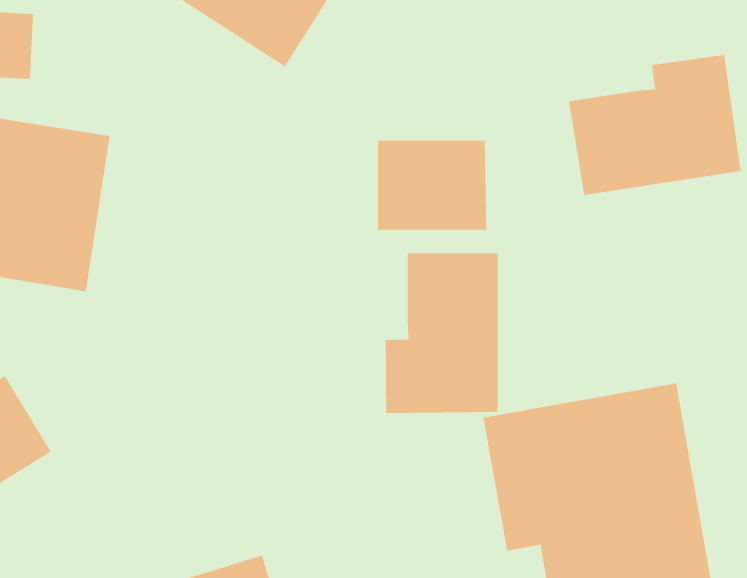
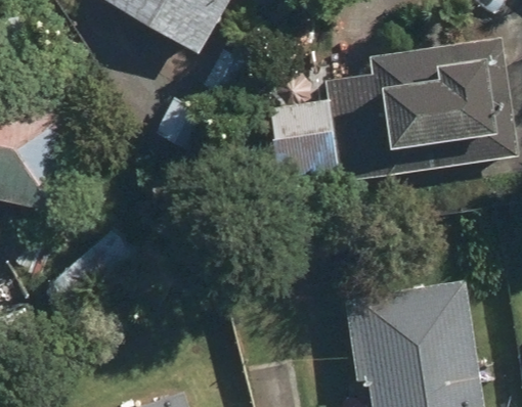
building: [385,252,499,414] -> none

